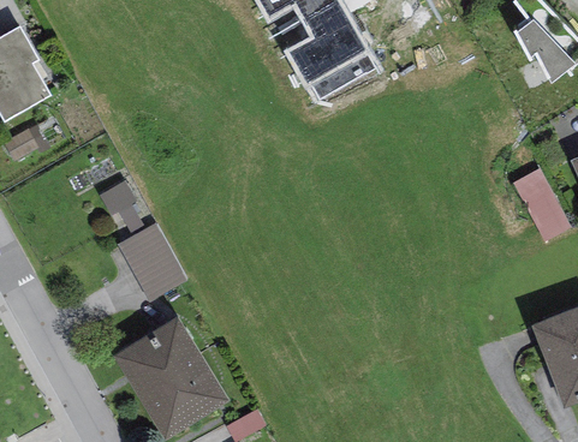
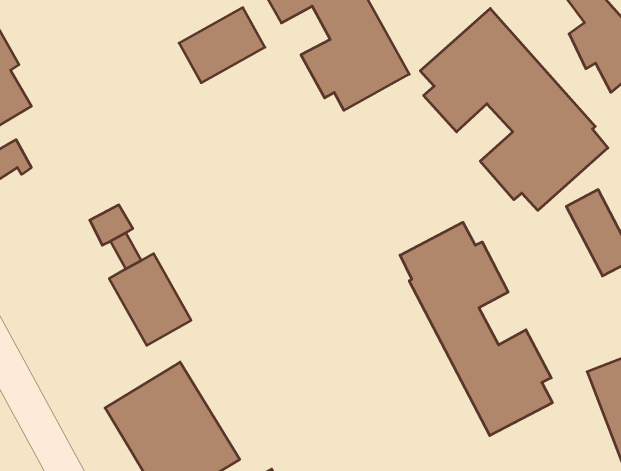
building: none -> [179,8,265,83]
building: none -> [420,8,608,210]
building: none -> [400,222,552,436]

